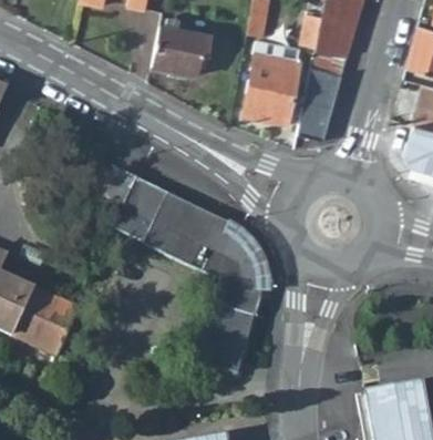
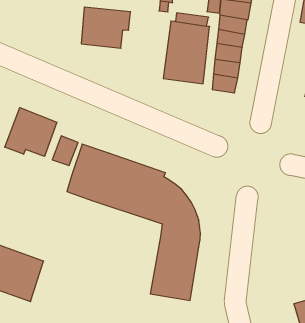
building: none -> [5,108,57,156]

